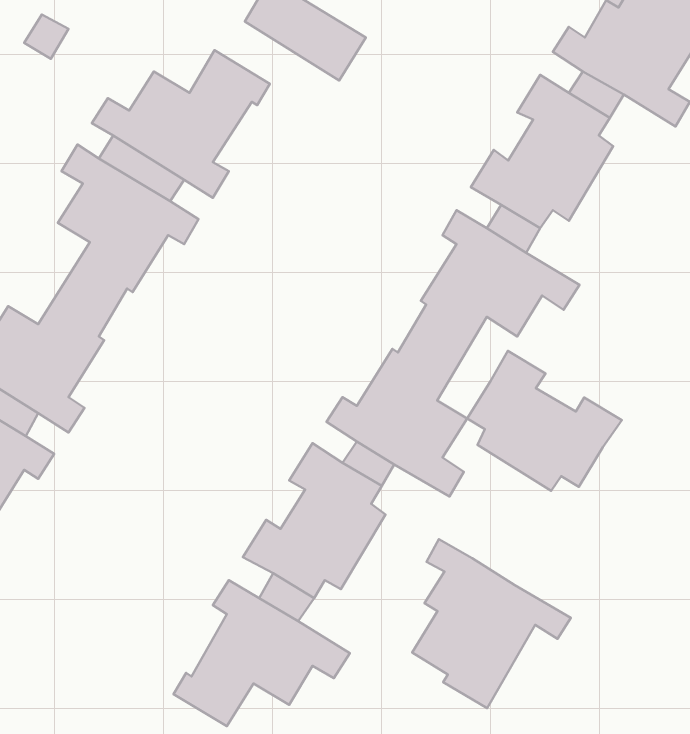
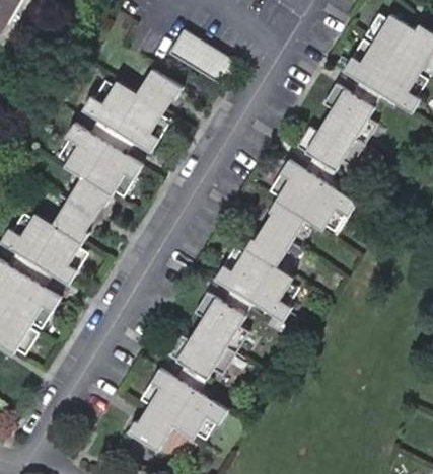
building: [467,351,622,491] -> none
building: [412,539,571,708] -> none

